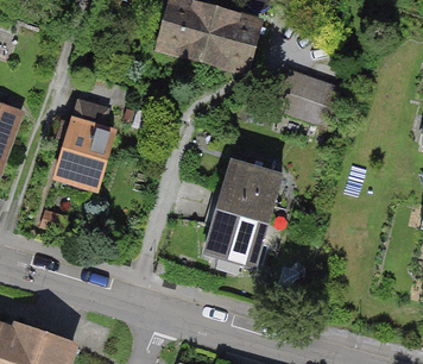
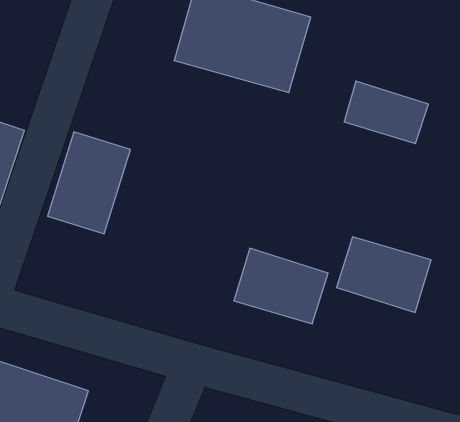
building: [208,172,285,234] -> [337,237,431,312]

